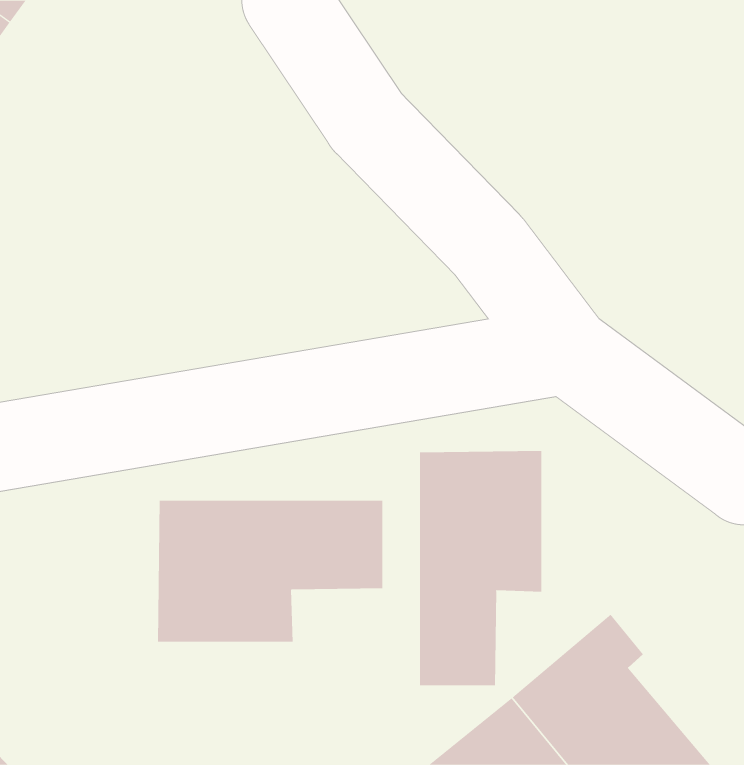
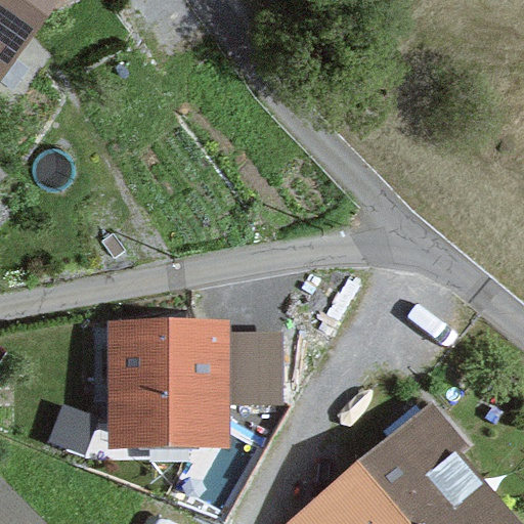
building: [419,450,542,686] -> none

